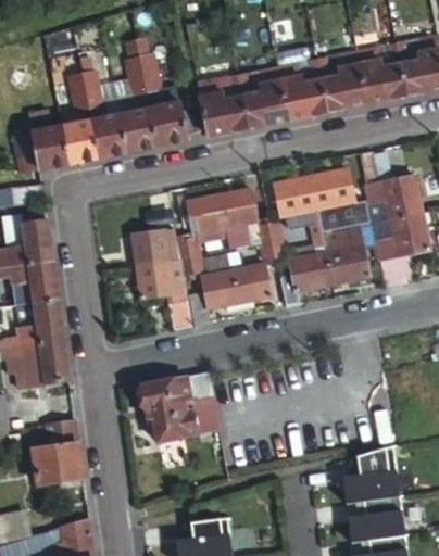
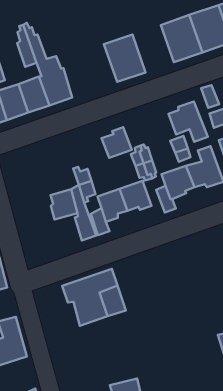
building: [278,61,328,121] -> none
building: [199,76,250,137] -> none
building: [274,178,318,215] -> none
building: [188,199,226,232] -> none
building: [134,229,171,266] -> none

